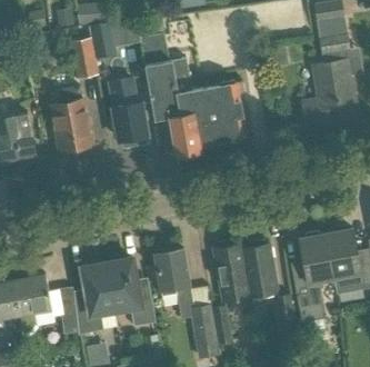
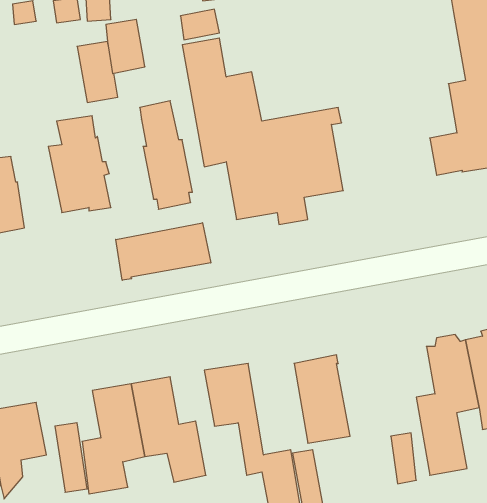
building: none -> [116,223,211,280]
building: [241,244,278,297] -> none

